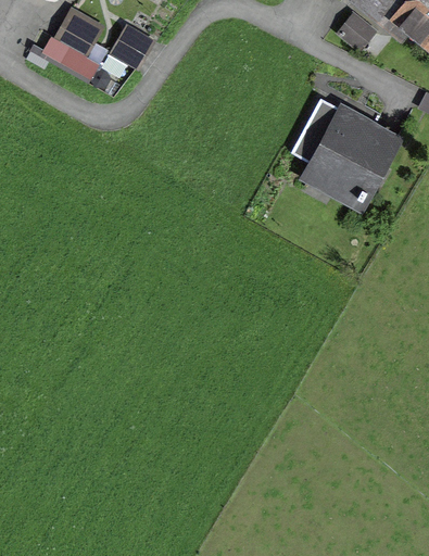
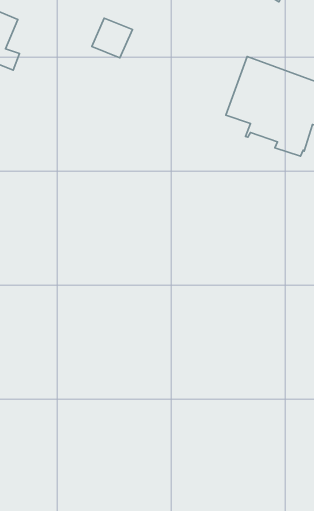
building: [112,27,154,68] -> [92,18,132,58]

